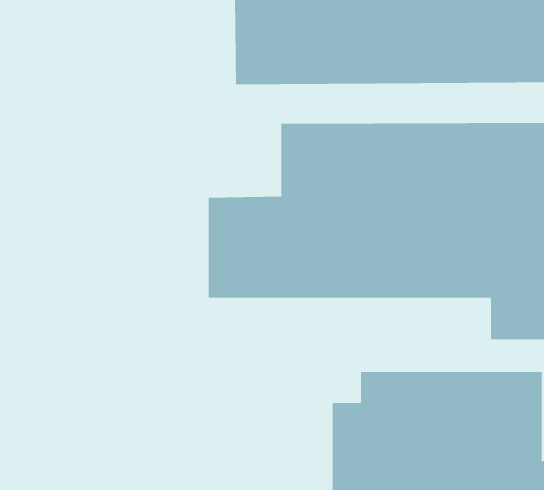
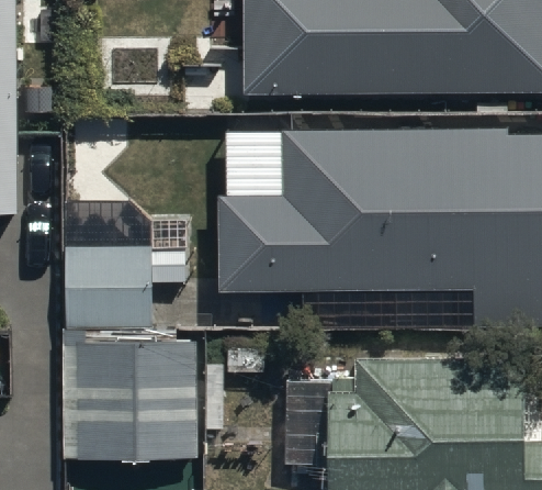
building: none -> [64,252,149,333]
building: none -> [75,345,196,457]

